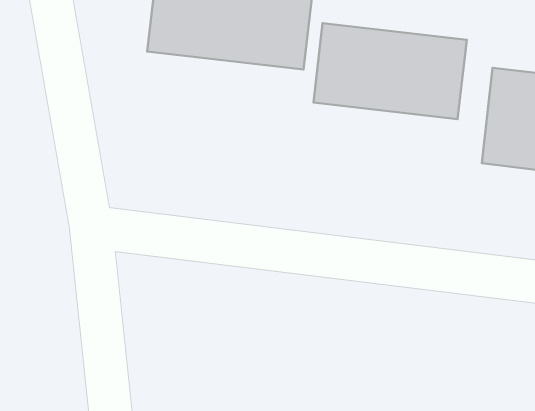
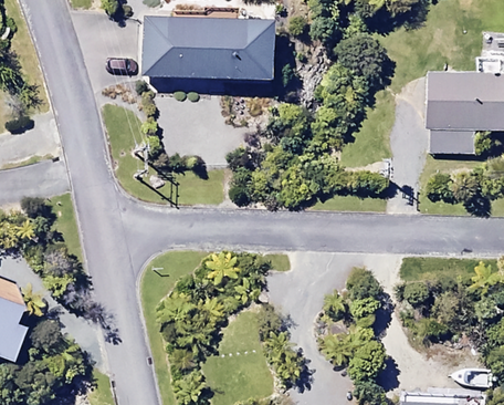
building: [314,23,467,119] -> none

